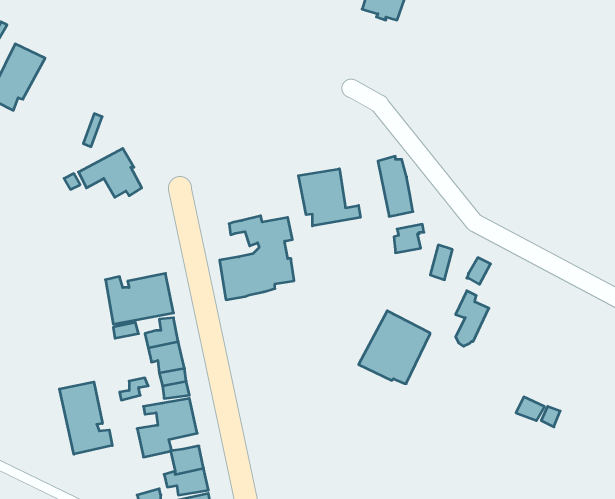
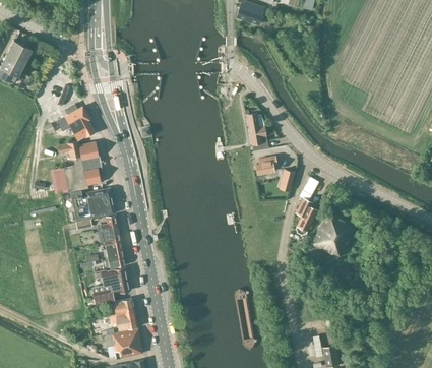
building: [298,169,360,226] -> none
building: [220,216,294,300] -> [52,141,100,195]
building: [359,311,430,384] -> [310,210,356,257]
building: [59,382,112,454] -> none

